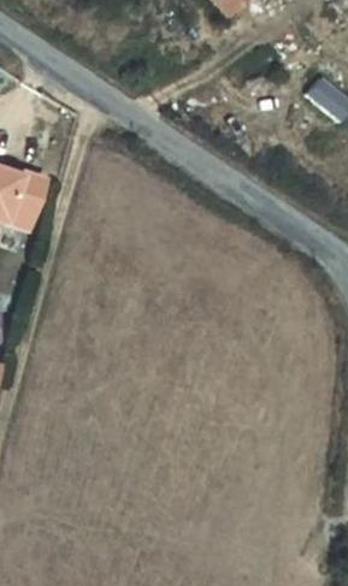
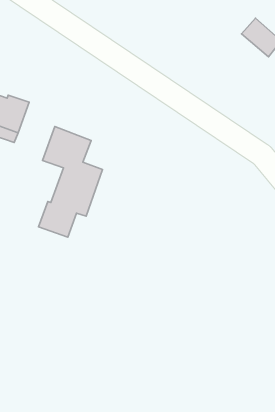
building: none -> [38,126,102,237]

